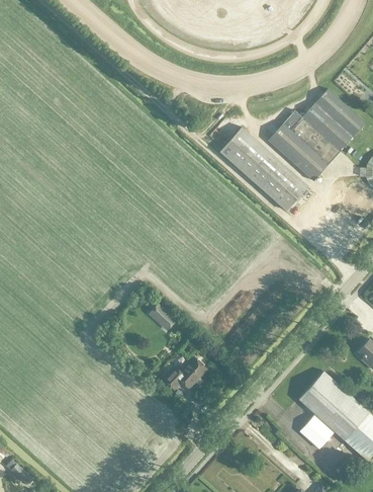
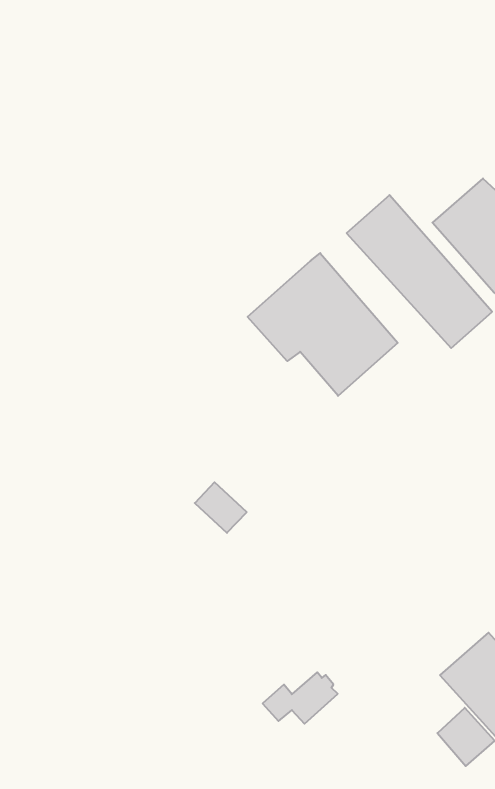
building: none -> [248,253,398,396]
building: [164,359,206,390] -> [263,672,338,724]

